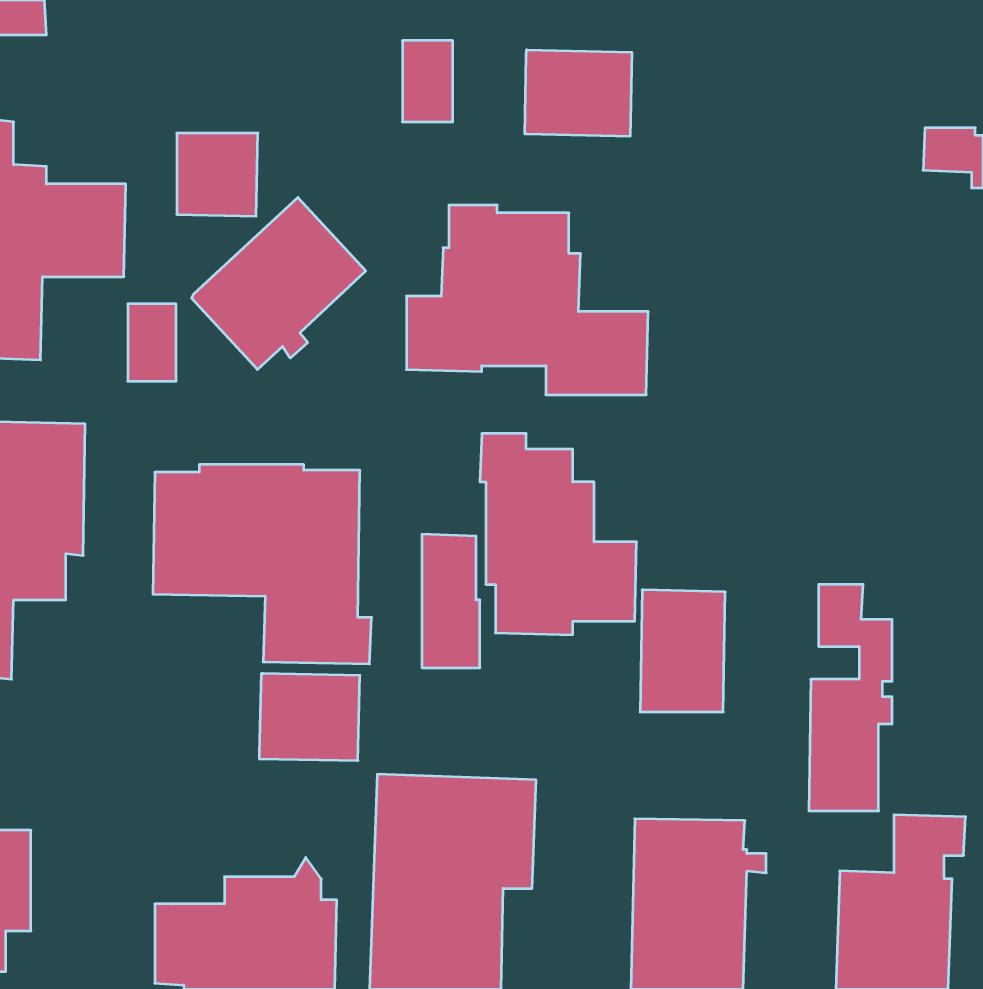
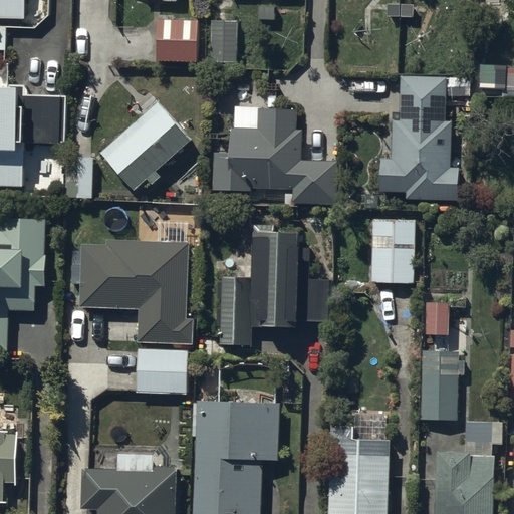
building: [525,50,632,136] -> none
building: [177,133,258,216] -> [156,20,198,63]
building: none -> [379,77,457,201]
building: [640,590,725,712] -> [369,220,414,283]

